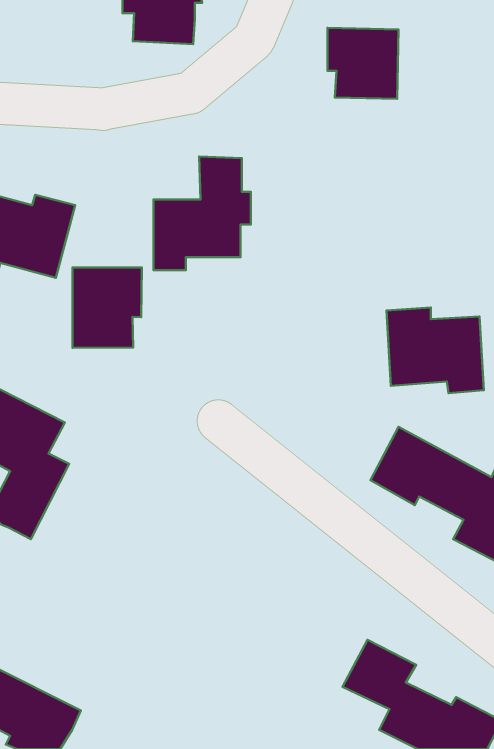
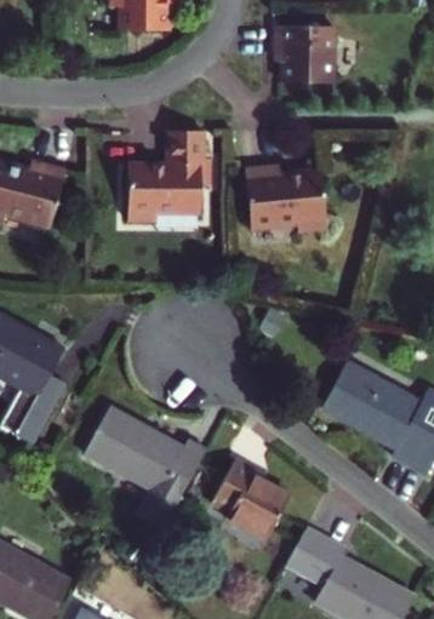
building: [72,268,142,348] -> none
building: [386,307,484,393] -> [246,164,326,234]
building: none -> [88,407,207,520]
building: none -> [213,457,291,535]

